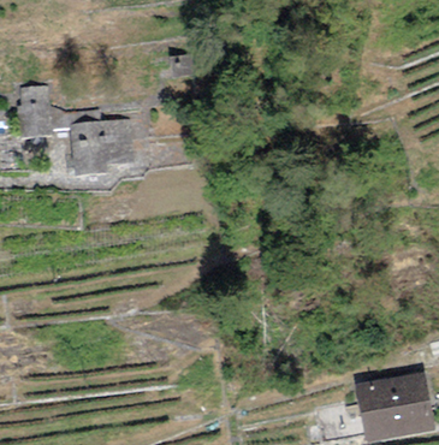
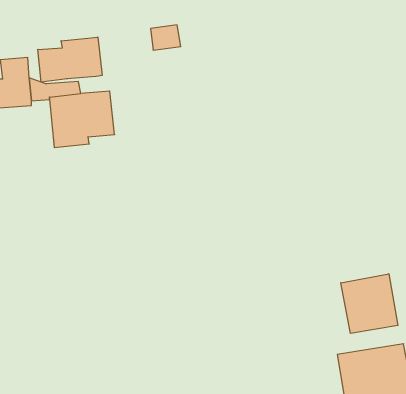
building: none -> [38,37,102,82]
building: none -> [341,274,398,333]

